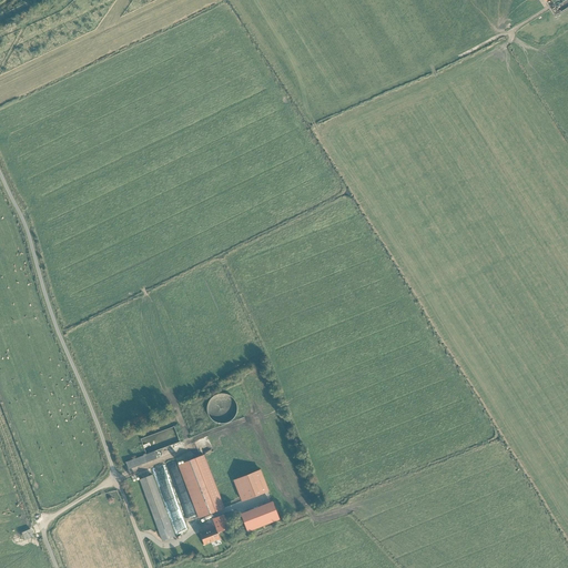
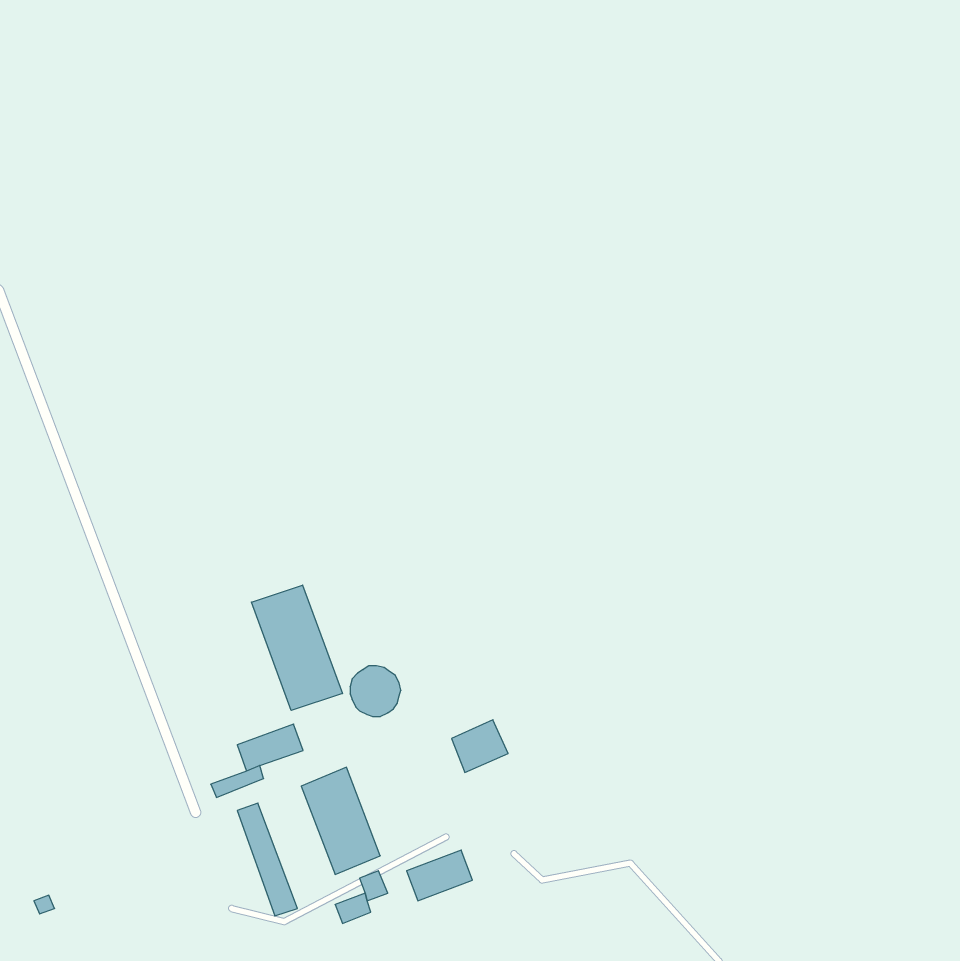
building: none -> [251,585,342,710]
building: [235,467,268,498] -> [452,720,508,772]

